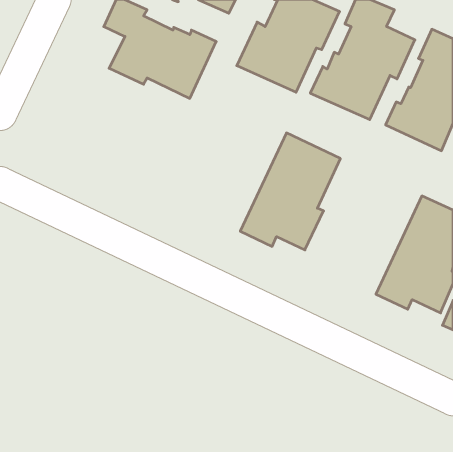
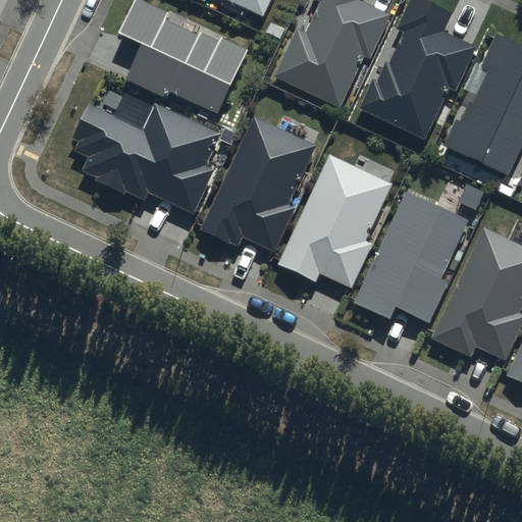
building: none -> [72,102,222,212]
building: none -> [201,116,317,251]
building: none -> [354,189,470,323]

